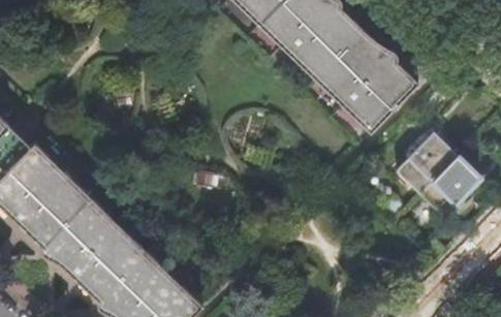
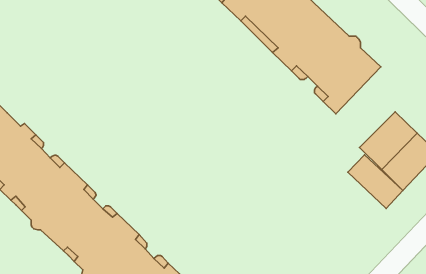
building: none -> [348,155,403,209]

